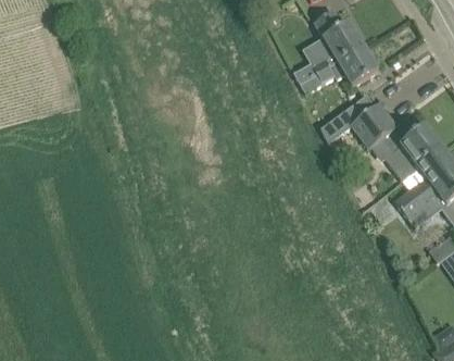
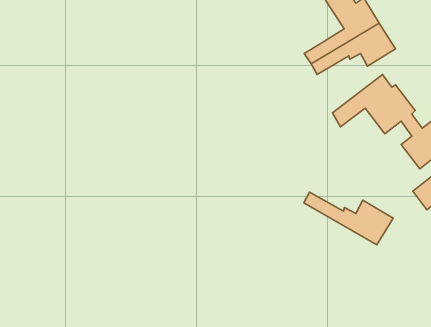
building: none -> [304,192,393,245]

